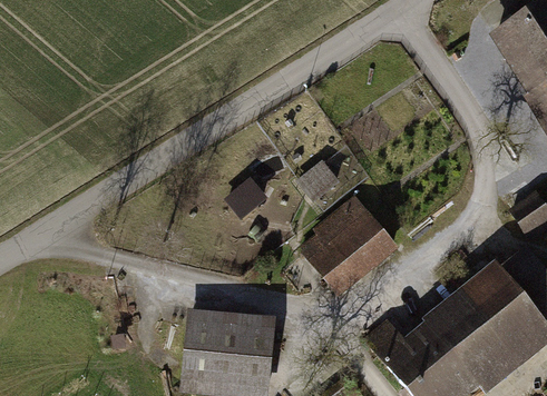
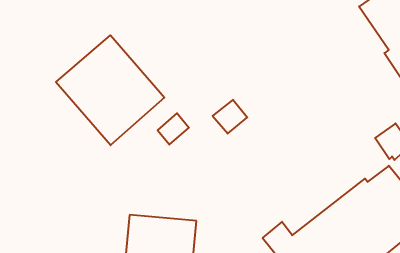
building: none -> [56,35,164,145]
building: [299,192,401,297] -> none

